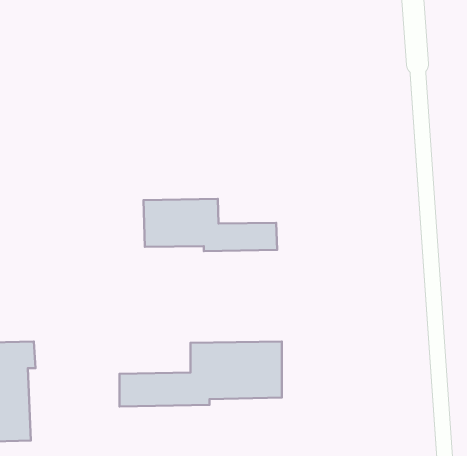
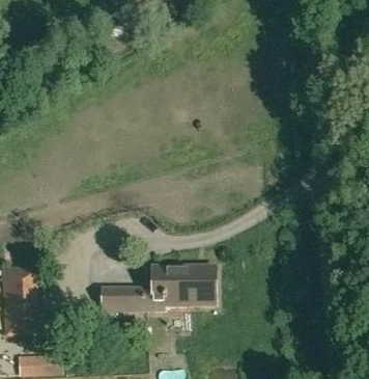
building: [143,199,277,251] -> none

